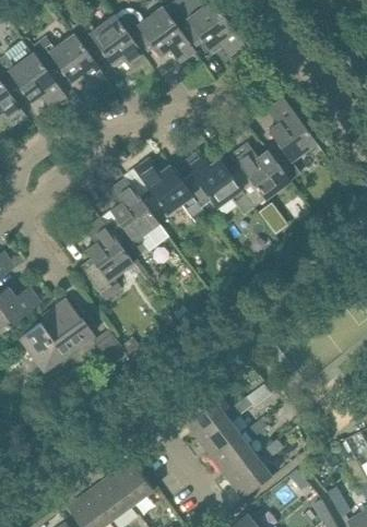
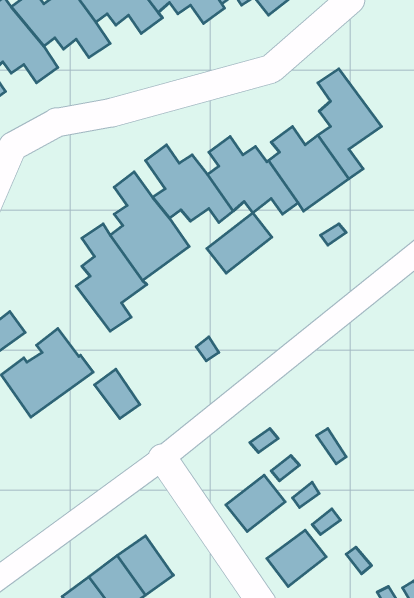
building: none -> [207,213,272,273]
building: [179,392,225,435] -> none
building: [212,433,257,477] -> none

